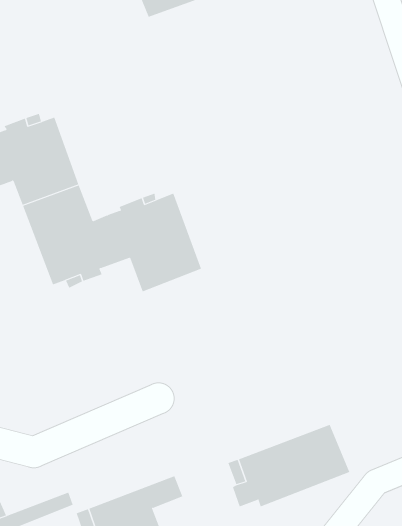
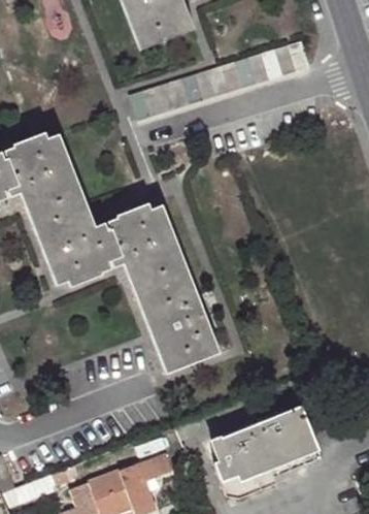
building: none -> [129,41,309,121]
building: none -> [136,270,220,374]

